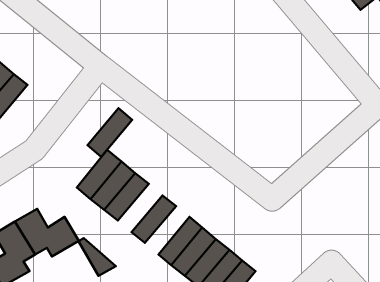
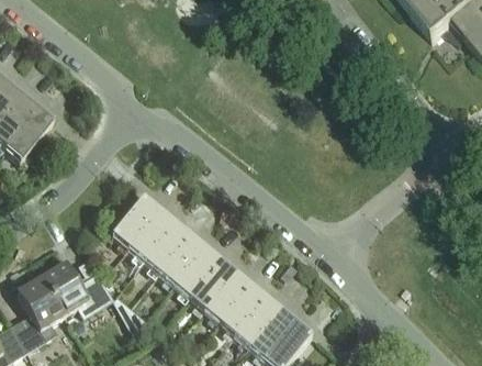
building: [88,108,132,157] -> [158,233,209,288]
building: none -> [189,258,239,313]

